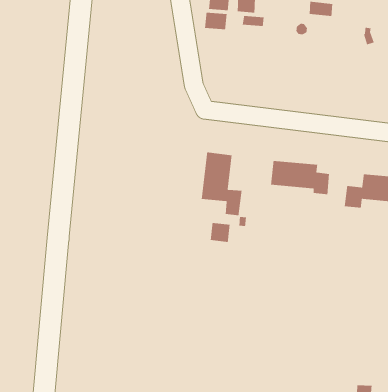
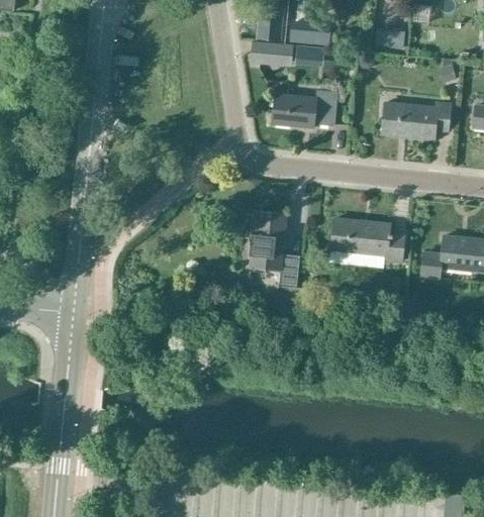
building: none -> [271,90,337,127]
building: none -> [383,104,451,140]
building: [210,222,230,243] -> none

